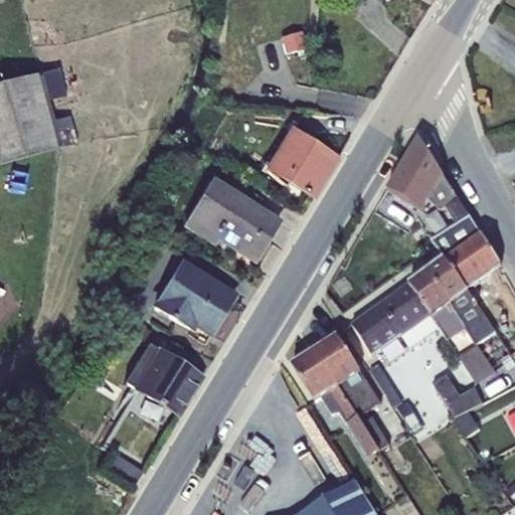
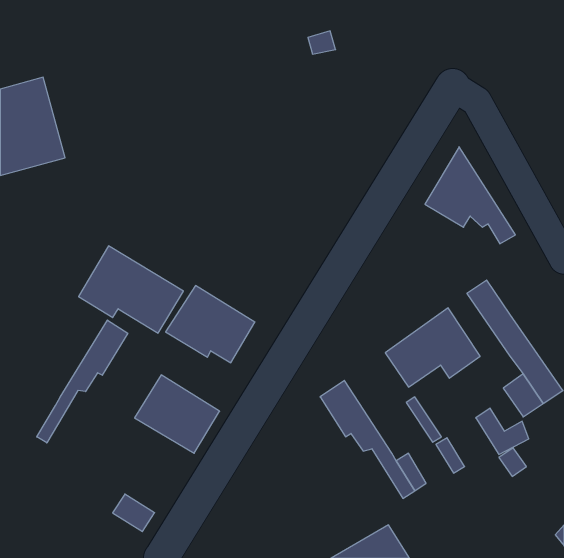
building: [264,127,335,194] -> none
building: [181,179,277,259] -> [79,246,183,333]
building: [432,214,501,287] -> none
building: [408,268,465,339] -> none
building: none -> [37,320,128,443]
building: [314,333,380,413] -> none

